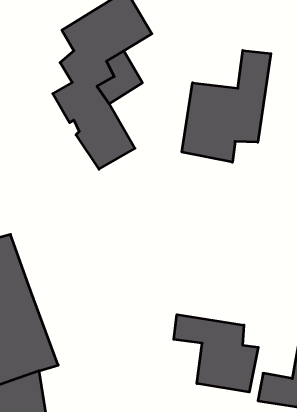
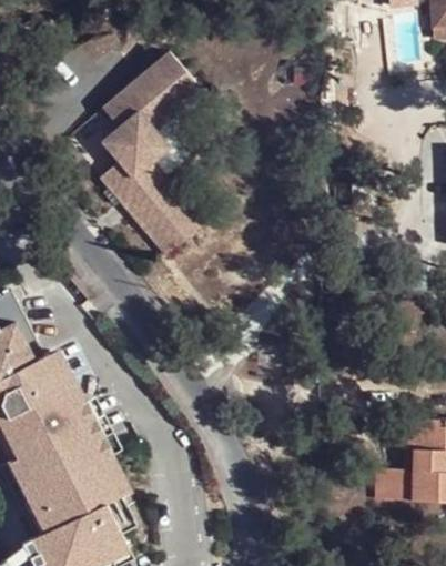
building: [182,50,271,162] -> none
building: [174,315,258,392] -> none

